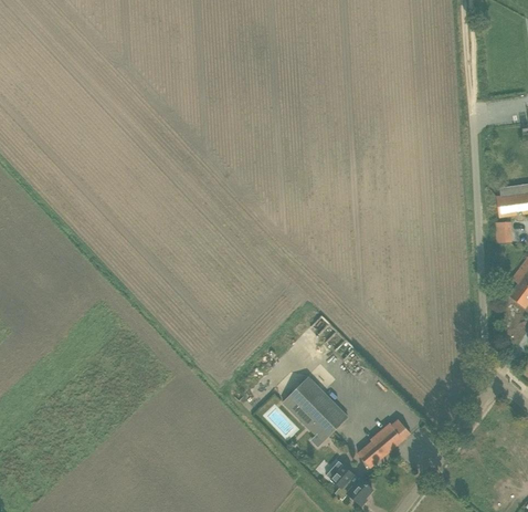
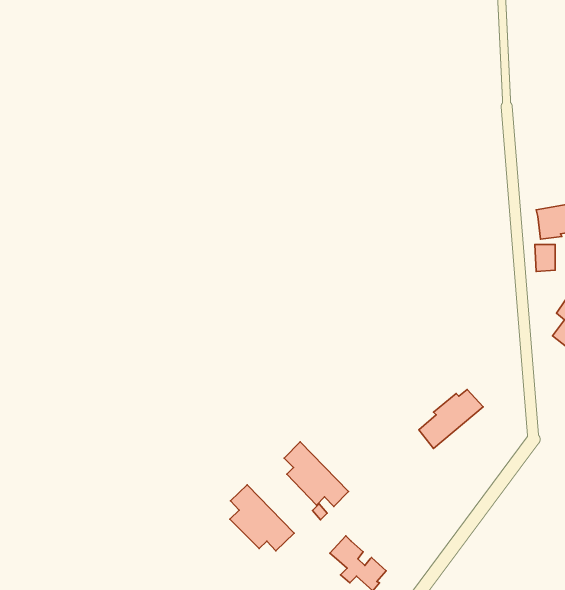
building: none -> [230,485,294,551]
building: [359,418,412,467] -> [419,389,483,448]

